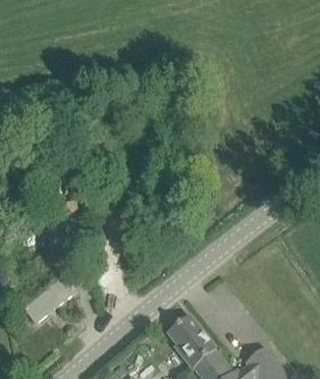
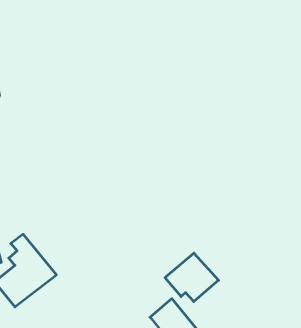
building: none -> [165,253,219,302]

